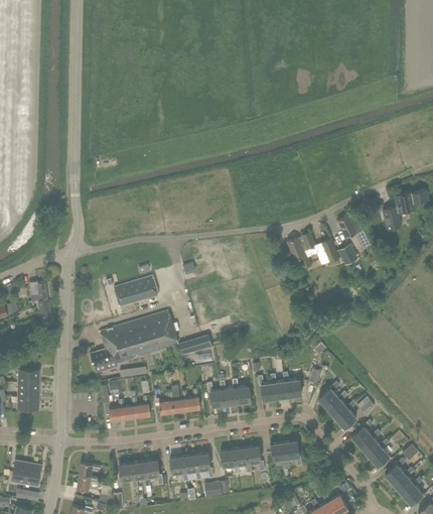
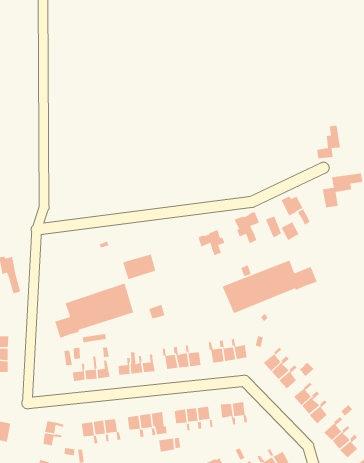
building: none -> [316,125,341,159]
building: none -> [198,229,226,256]
building: [121,276,158,305] -> [122,254,156,280]
building: none -> [222,260,318,314]

